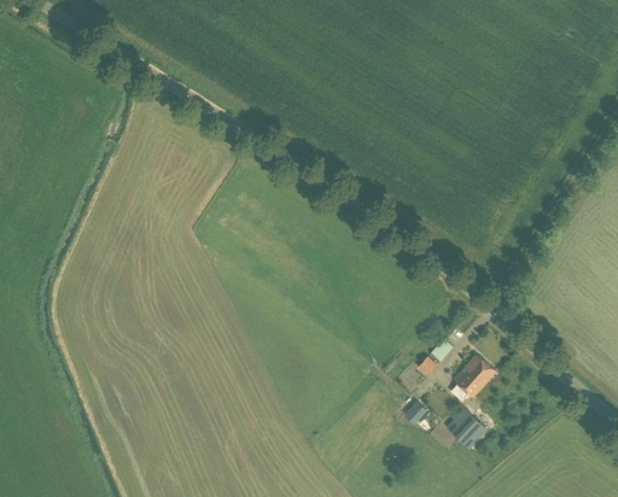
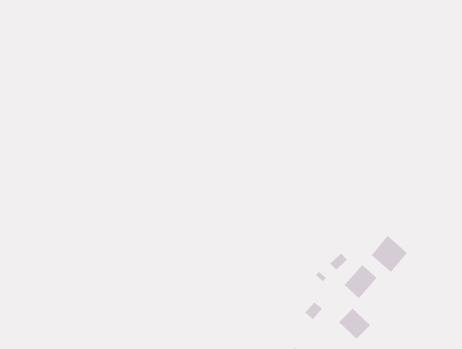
building: none -> [371,235,407,273]

